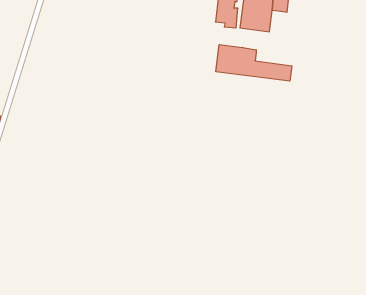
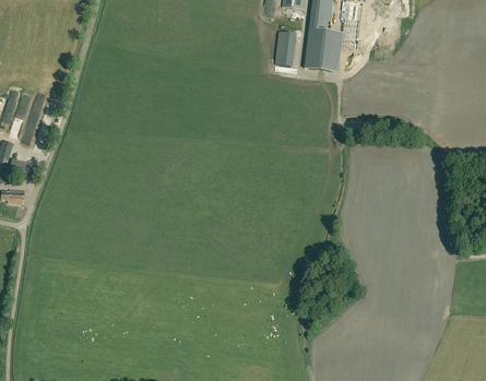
building: [216,45,292,81] -> none

